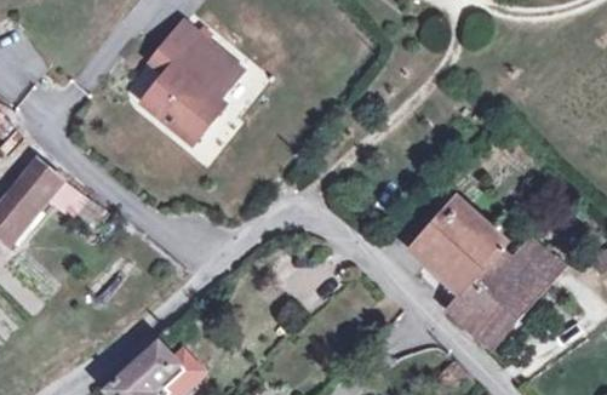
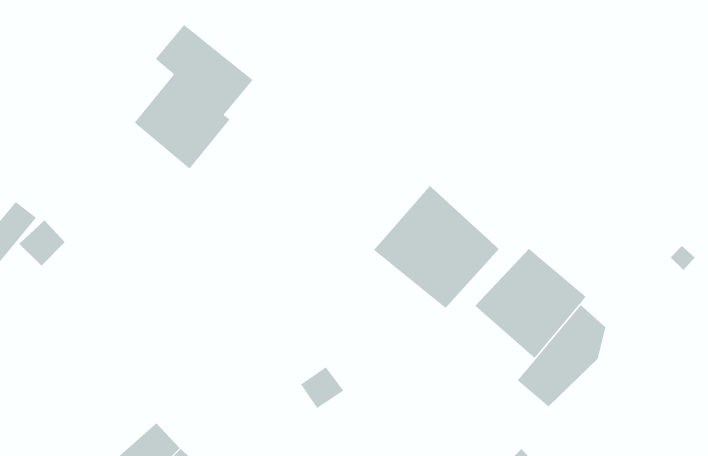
building: none -> [373,185,500,309]
building: [471,239,561,347] -> none

